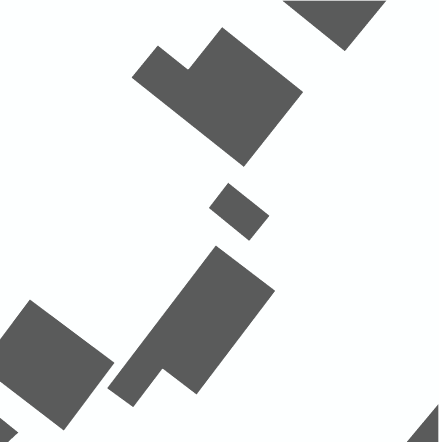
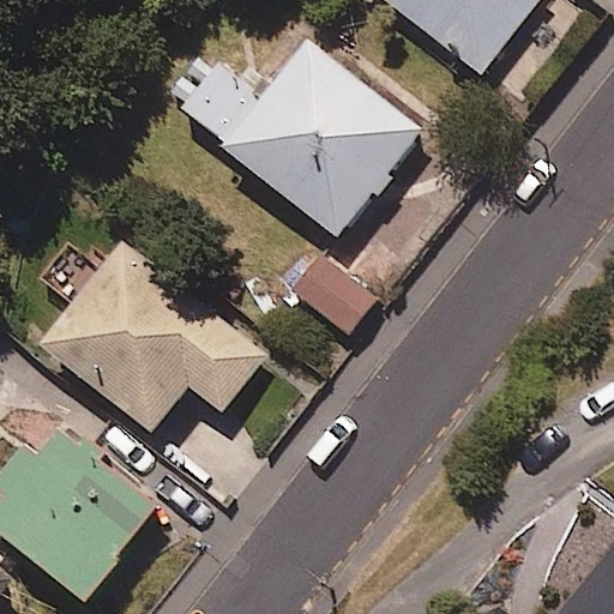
building: none -> [42,245,264,429]
building: [106,245,276,408] -> none

